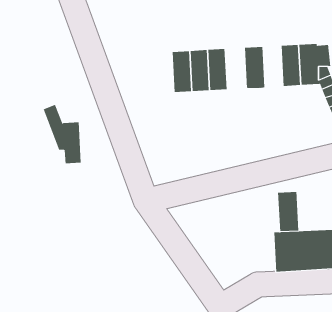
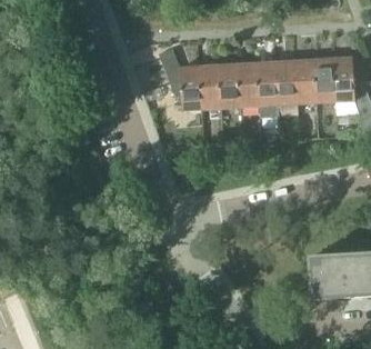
building: none -> [294,59,315,103]
building: none -> [254,61,278,117]
building: [43,104,82,164] -> [159,47,200,110]
building: [278,191,299,232] -> none

